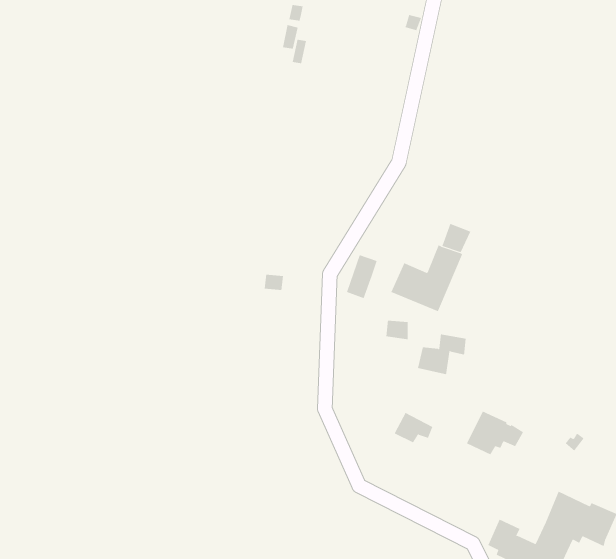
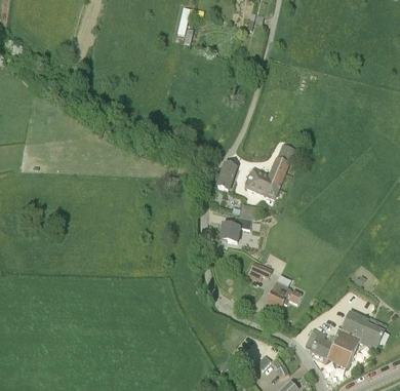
building: [417,334,466,375] -> [221,216,251,241]
building: [466,411,524,455] -> [266,280,302,308]

